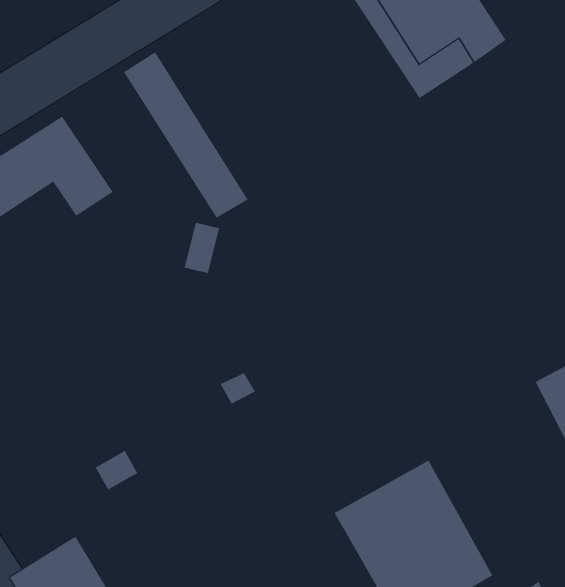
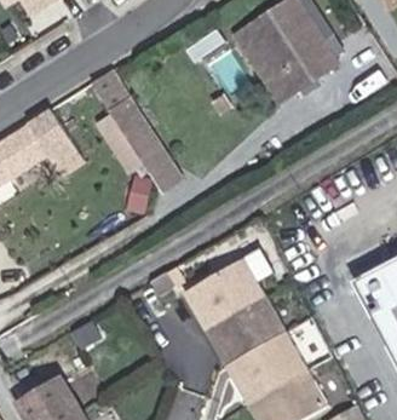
building: none -> [183,247,284,363]

